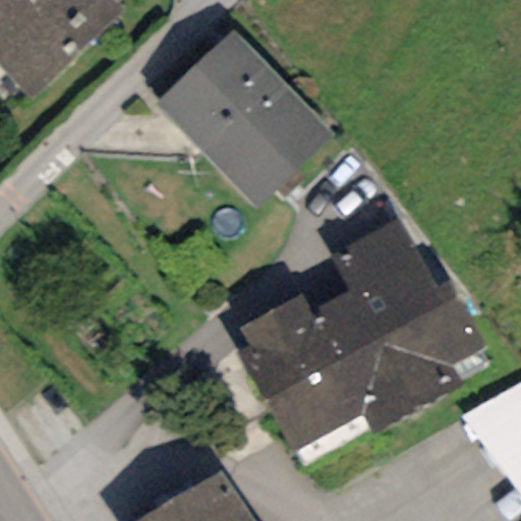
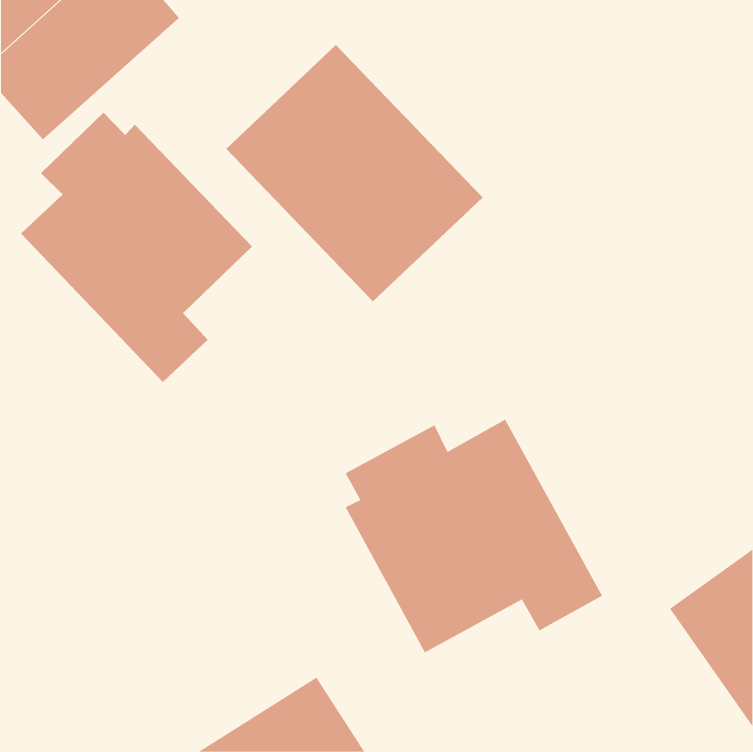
building: none -> [20,112,253,383]
building: [330,219,483,411] -> none

